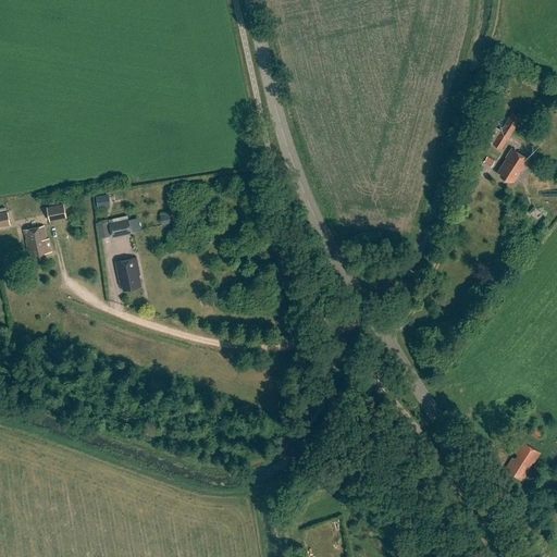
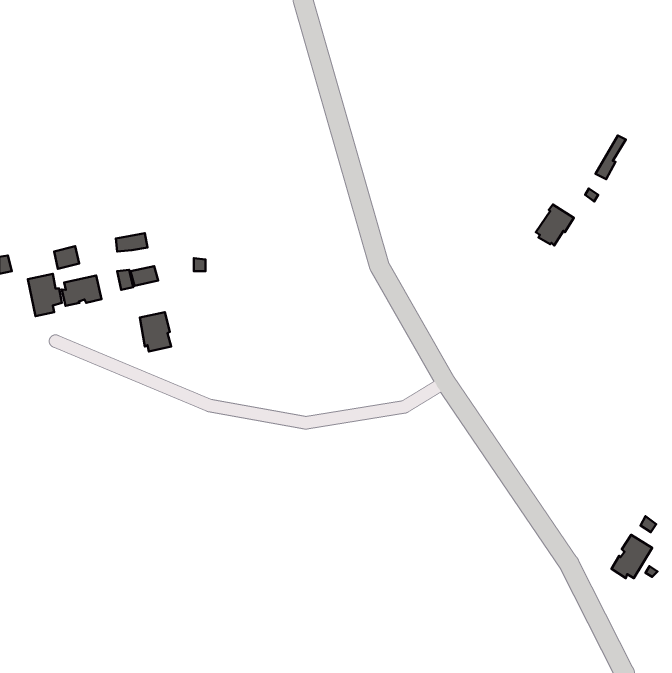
building: [497,148,529,182] -> [536,205,574,245]
building: none -> [62,276,102,306]

